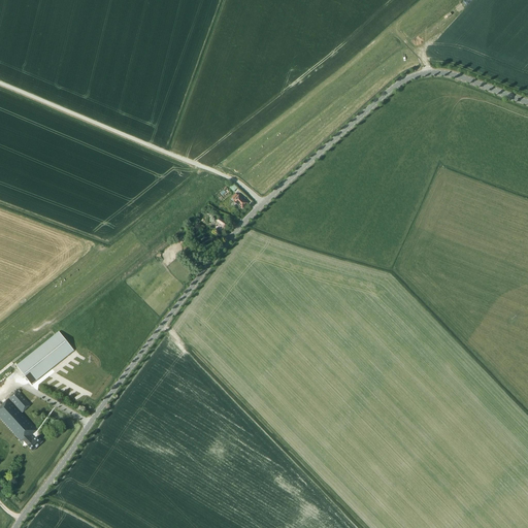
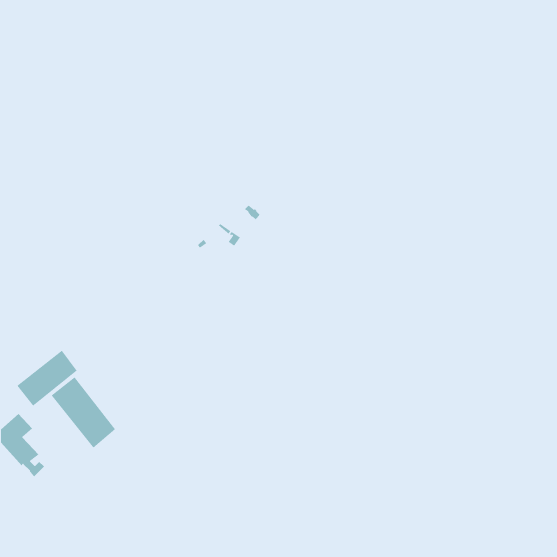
building: none -> [51,376,116,449]

